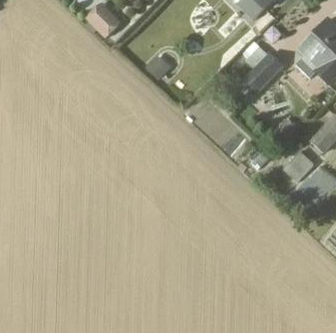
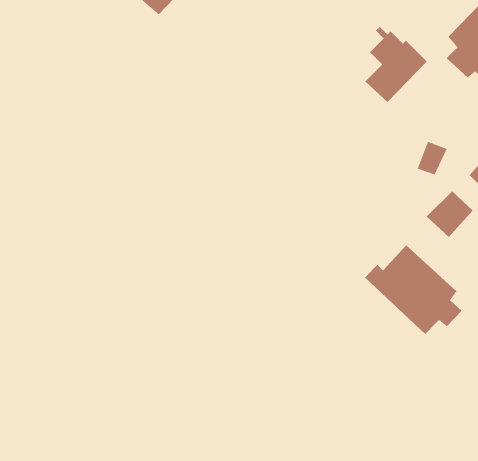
building: none -> [364,245,463,335]

